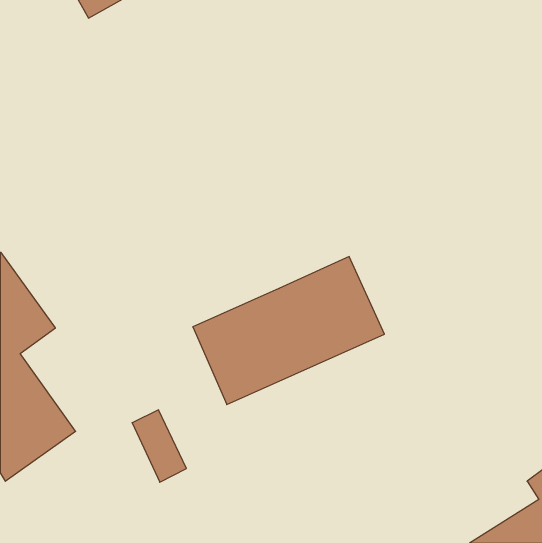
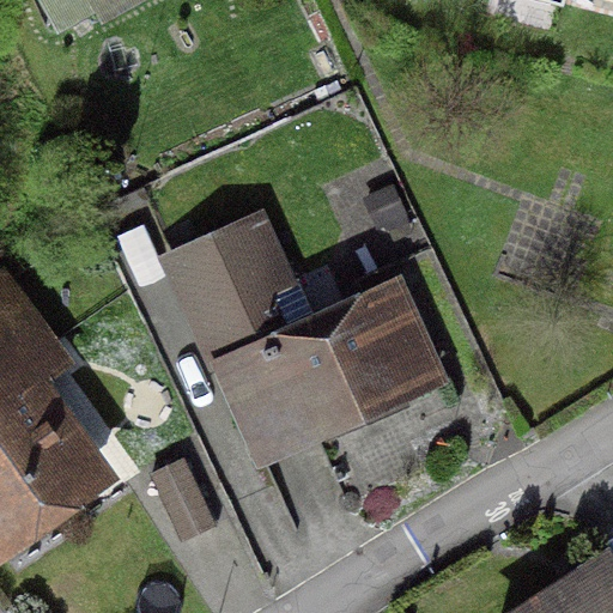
building: none -> [170,221,316,368]

